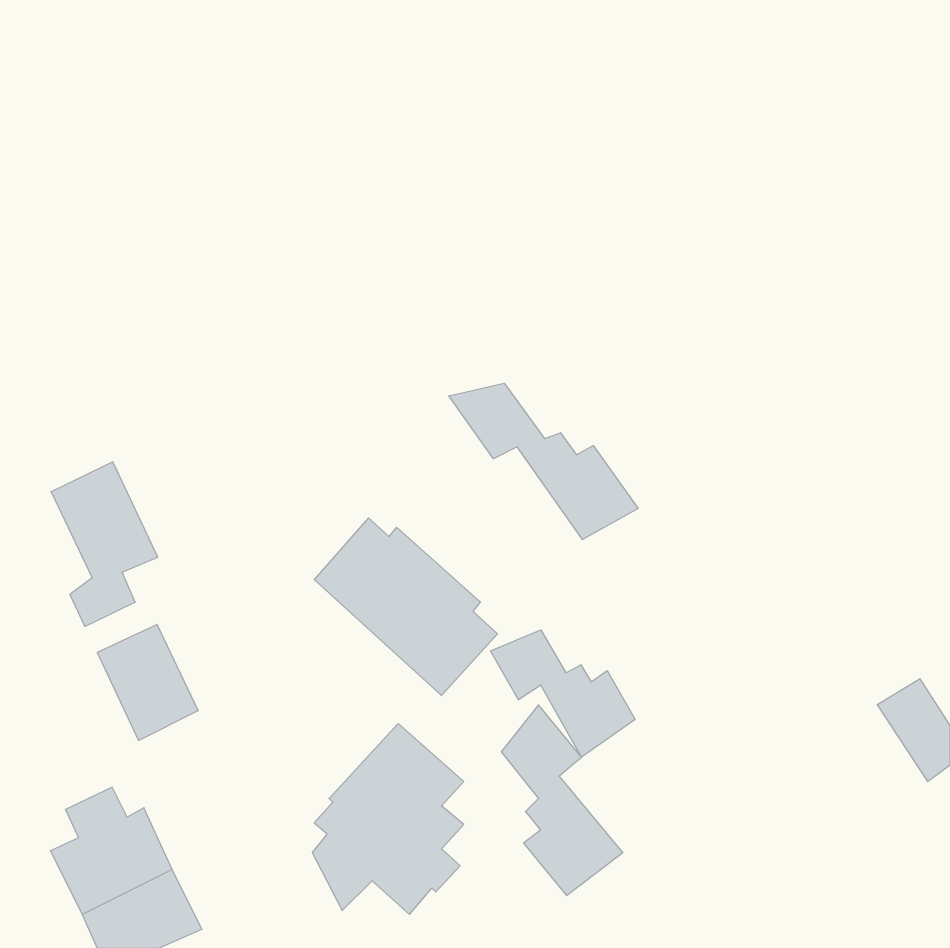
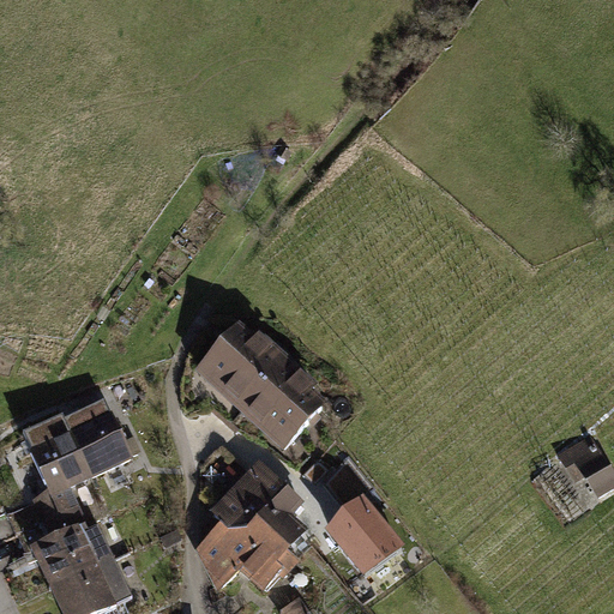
building: [449,383,638,540] -> none
building: [51,462,158,626] -> [20,414,89,519]
building: [490,630,635,757] -> none

